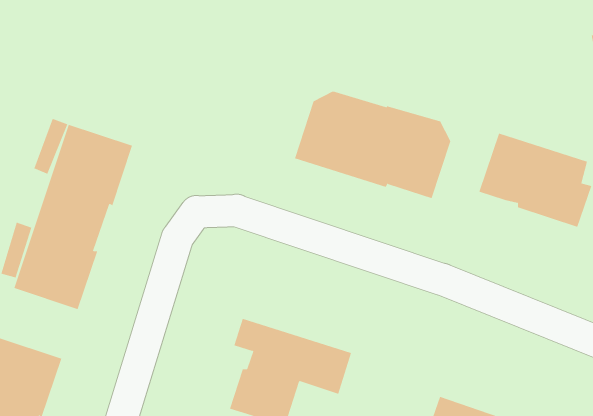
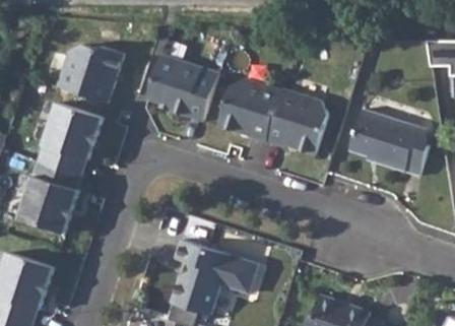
building: none -> [58,45,125,104]
building: none -> [146,55,218,122]

